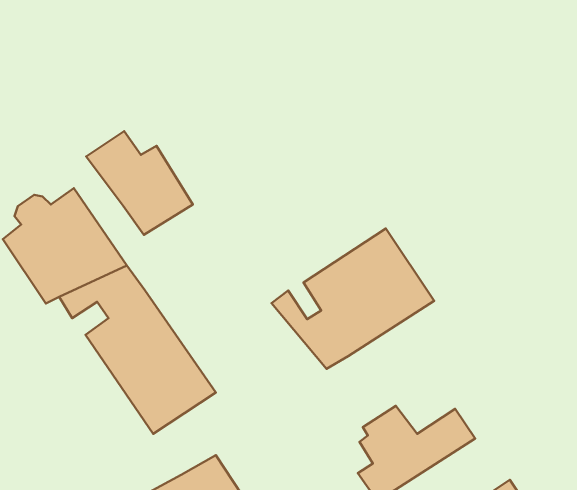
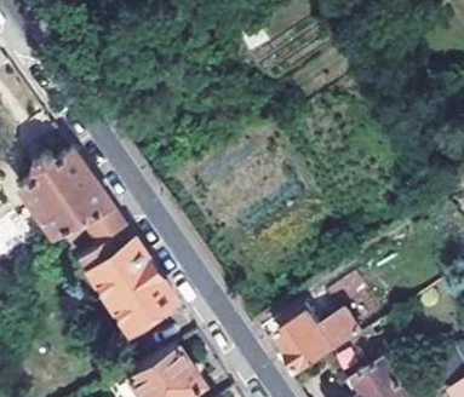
building: [86,131,193,235] -> none
building: [272,229,434,369] -> none

